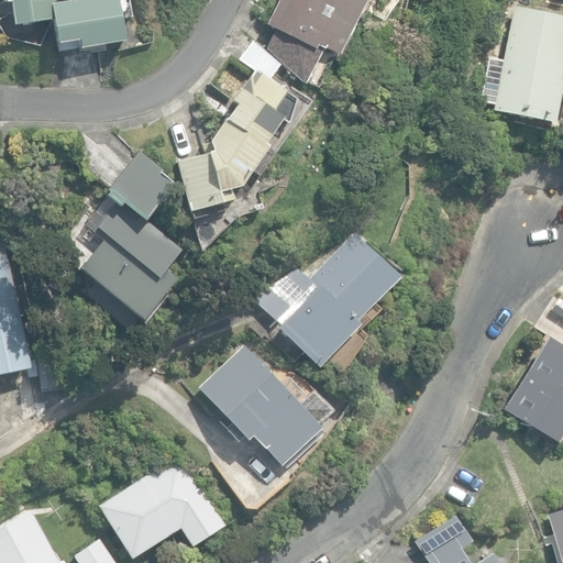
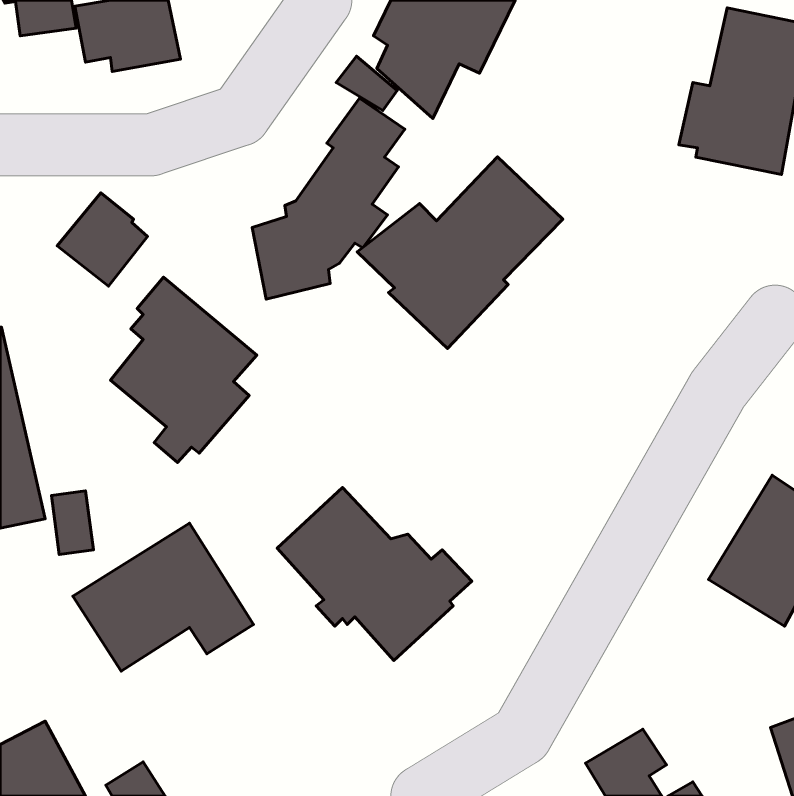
building: [109,152,173,218] -> [57,193,148,286]
building: [254,233,399,368] -> [357,157,563,349]
building: [99,453,227,558] -> [73,523,253,671]

